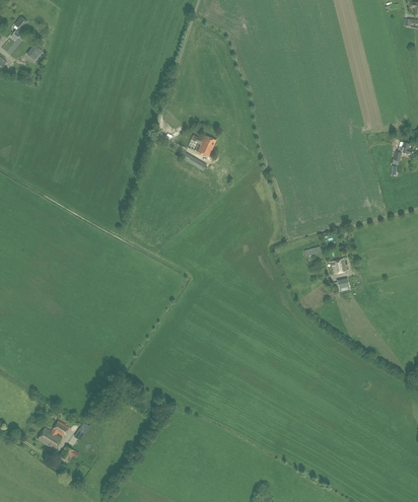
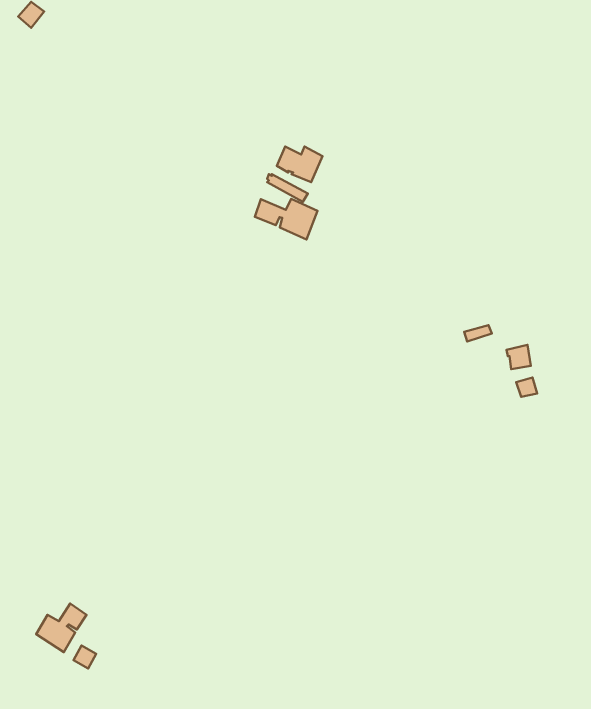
building: none -> [255,199,318,239]

